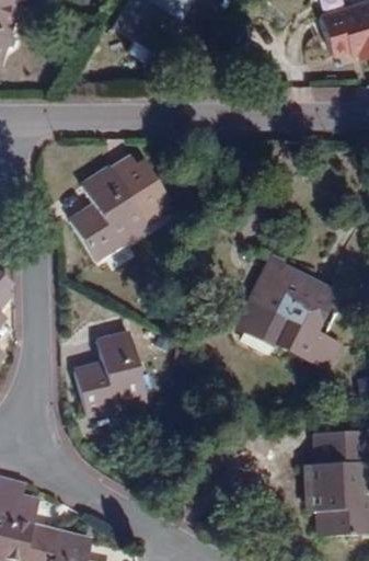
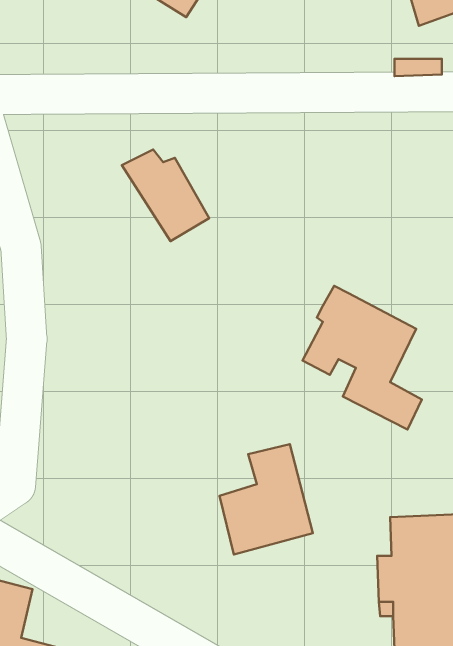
building: [69,165,147,259] -> none
building: [74,331,146,415] -> [219,444,313,555]

